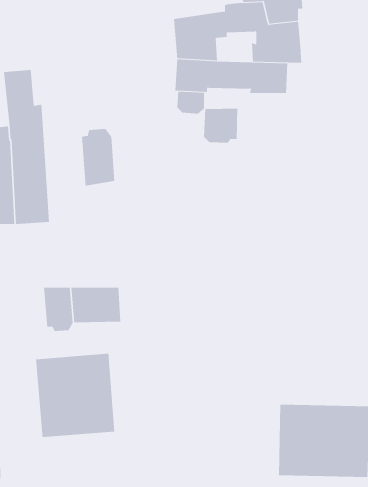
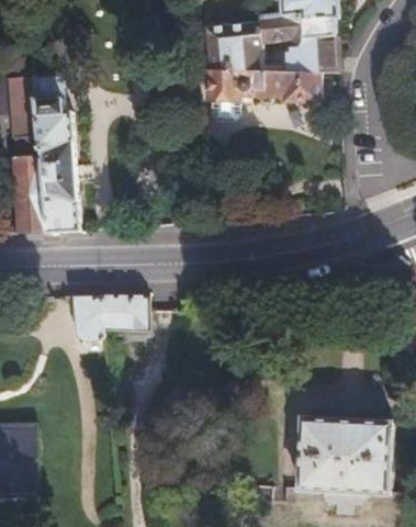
building: [203,108,238,143] -> none
building: [81,128,115,186] -> none
building: [36,353,115,438] -> none

